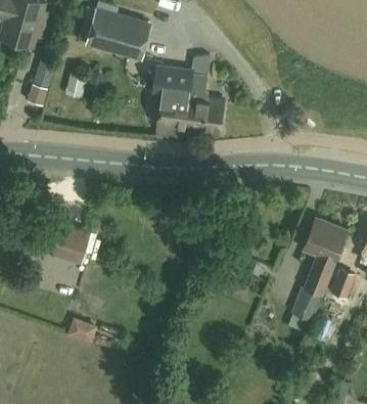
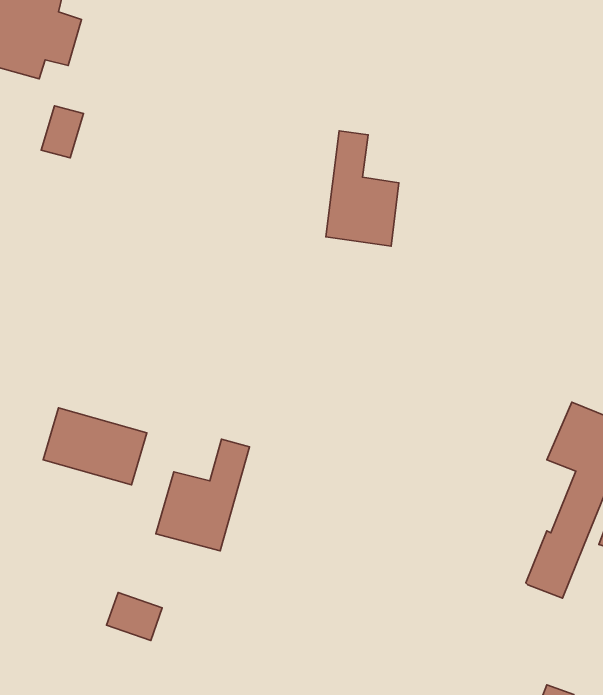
building: [86,10,150,57] -> none
building: [155,69,191,133] -> none
building: none -> [156,439,250,551]

